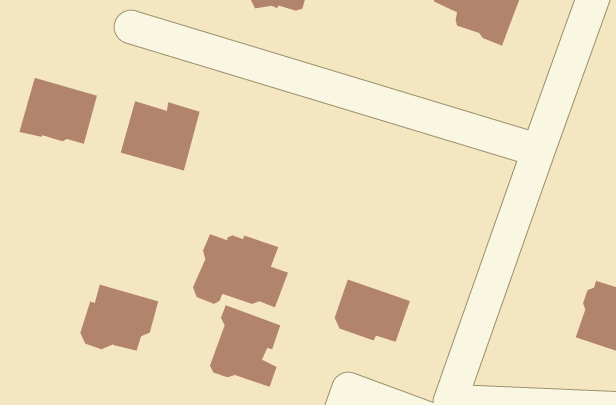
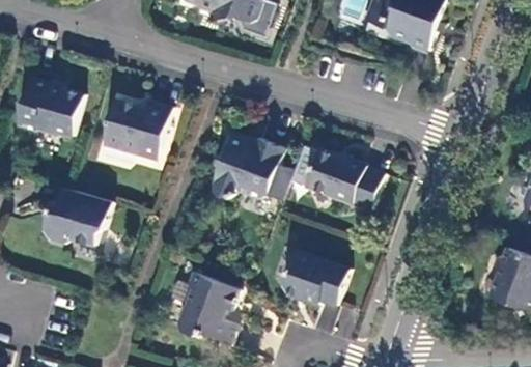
building: none -> [305,147,384,207]
building: [192,234,289,308] -> [213,135,295,198]
building: [80,284,159,351] -> [45,187,112,244]

